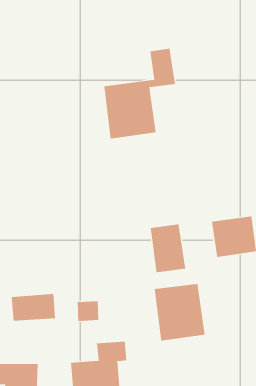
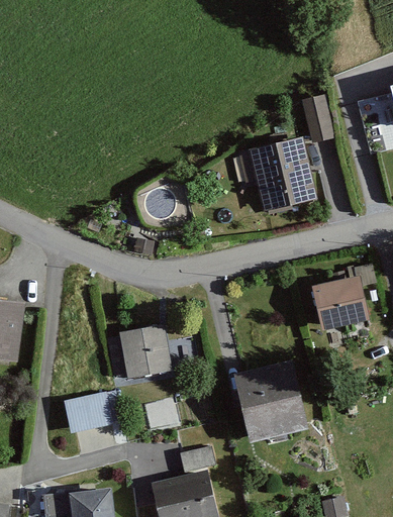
building: [104,48,176,139] -> [245,99,335,220]
building: [150,223,186,273] -> none
building: none -> [119,325,173,382]

